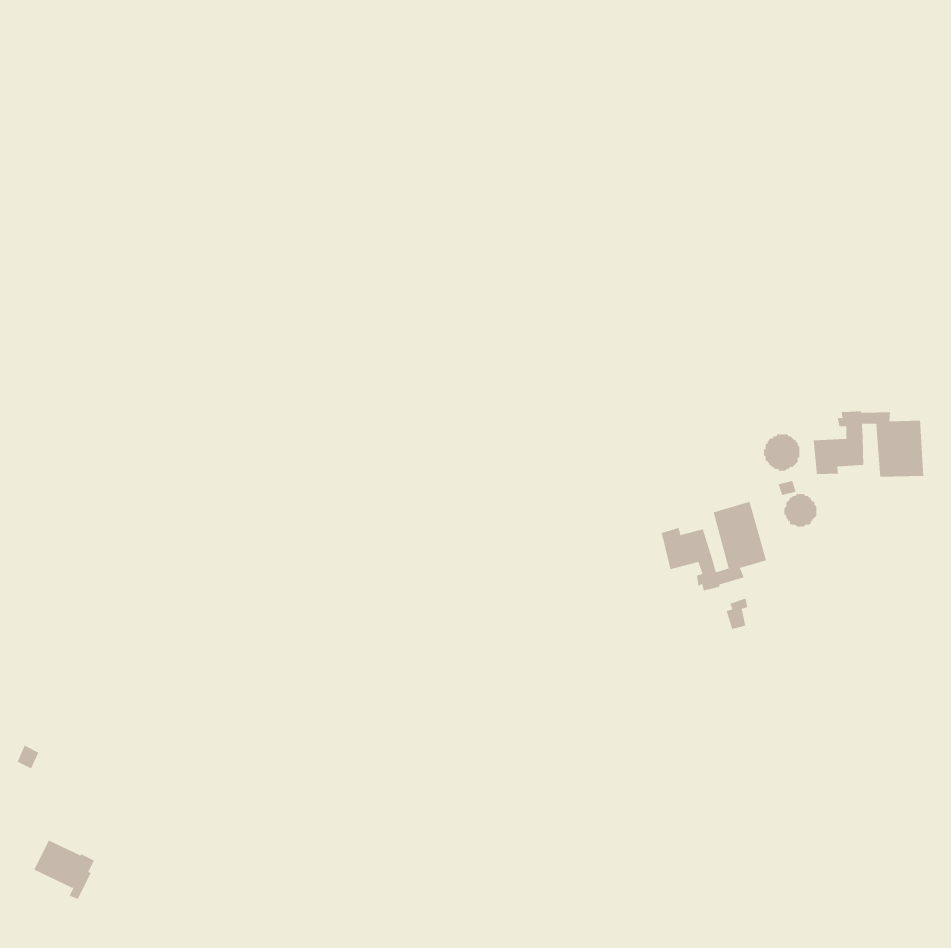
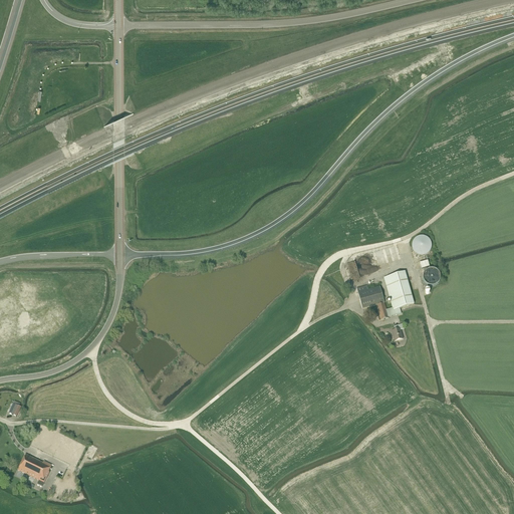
building: [813,411,924,478] -> none

